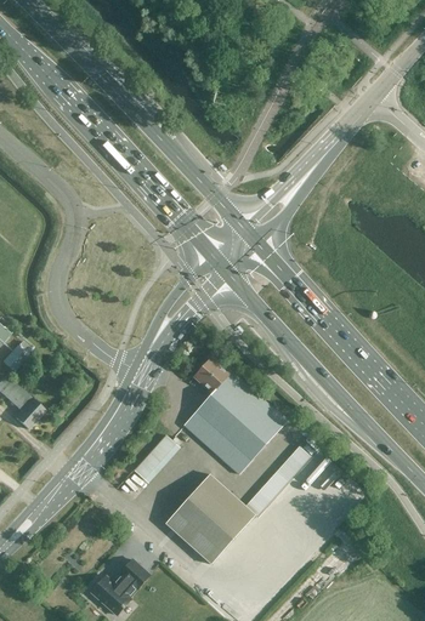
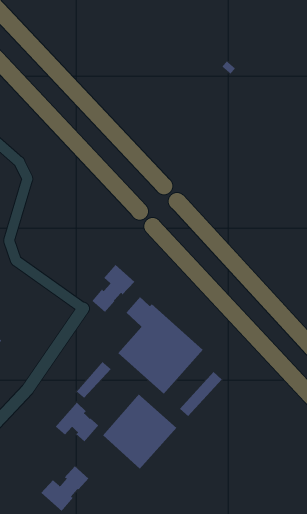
building: none -> [91,264,135,313]
building: none -> [55,402,99,442]

